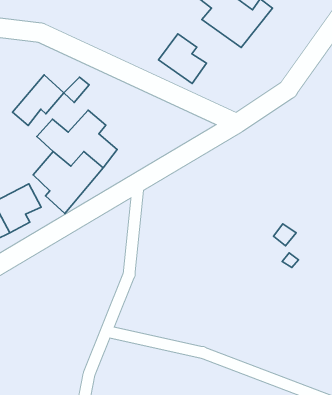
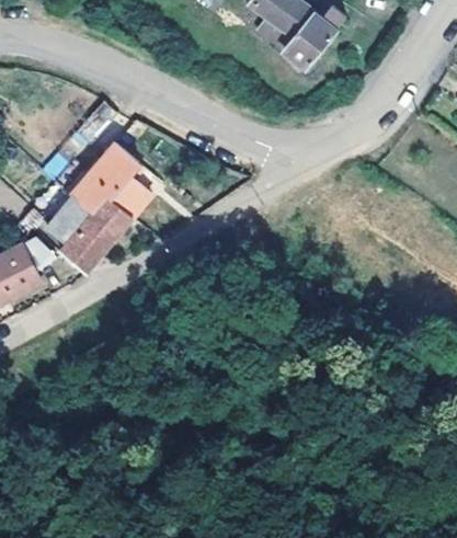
building: [158,34,207,84] -> none
building: [12,75,64,125] -> none

